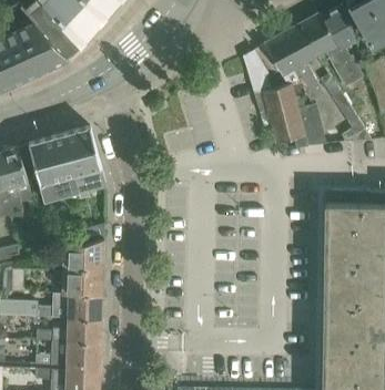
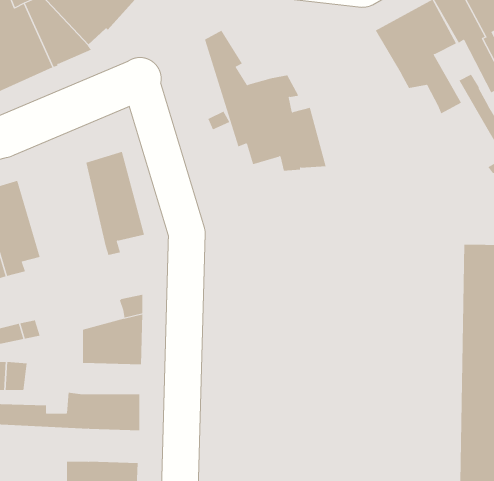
building: [242,51,326,148] -> [204,30,326,171]
building: [29,135,78,202] -> none
building: [61,274,103,295] -> none
building: [36,319,102,342] -> none

